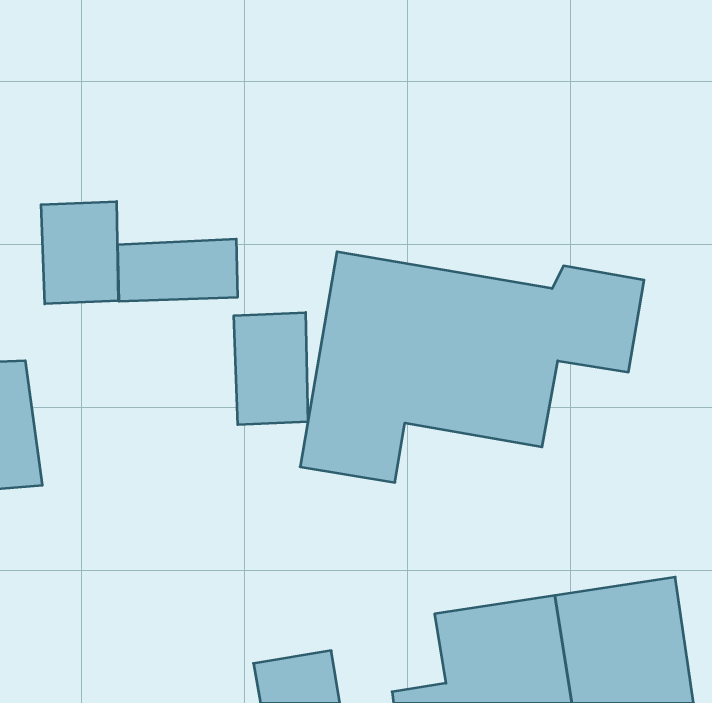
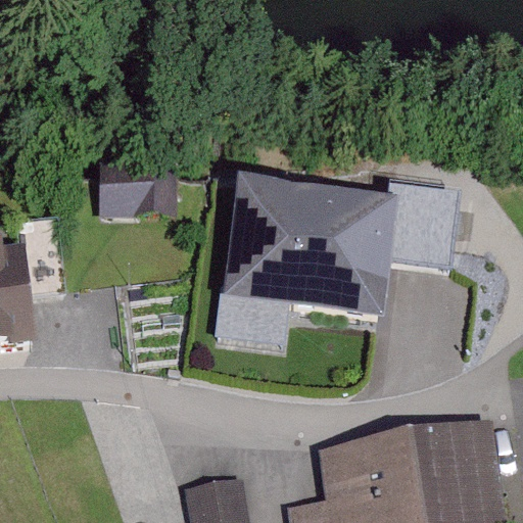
building: [41,201,118,304] -> none
building: [234,312,308,425] -> none

